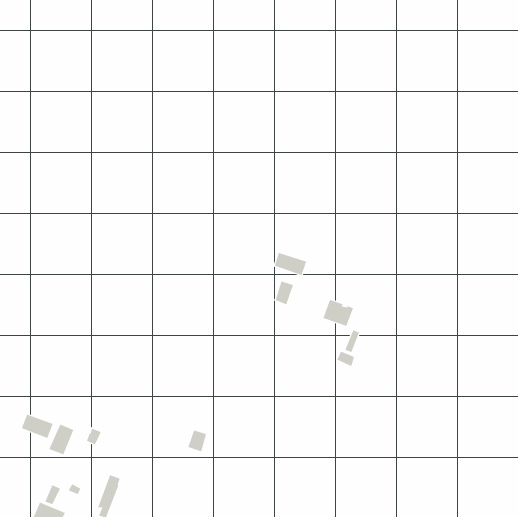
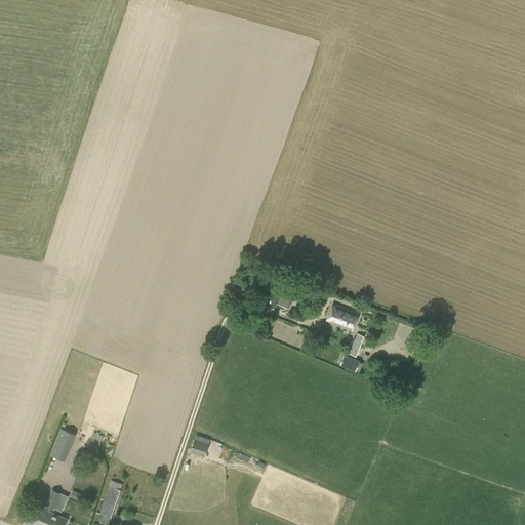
building: [274,252,307,276] -> none
building: [21,414,54,439] -> none

